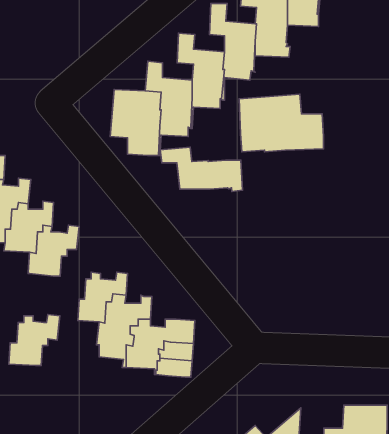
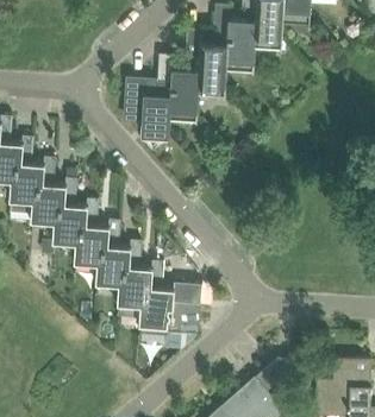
building: [239,94,324,152] -> none
building: [160,147,243,191] -> none
building: [9,315,60,366] -> [74,220,119,265]

